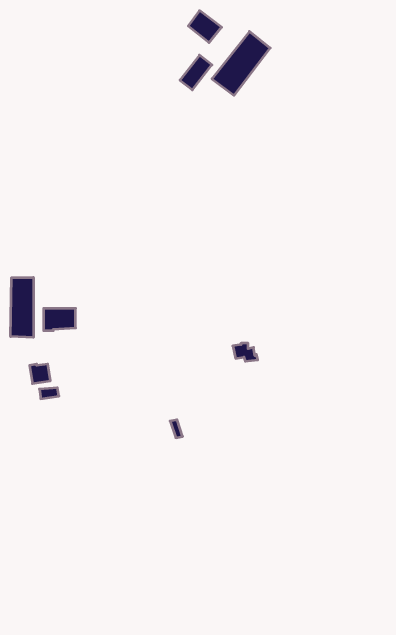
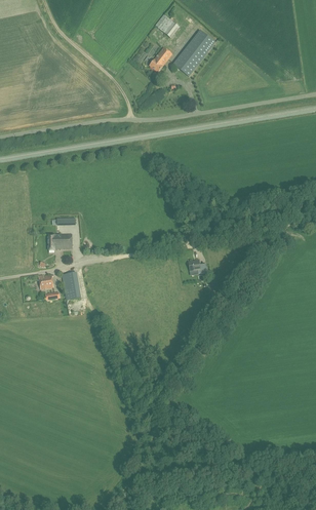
building: [11,277,33,337] -> none
building: none -> [62,272,81,302]

